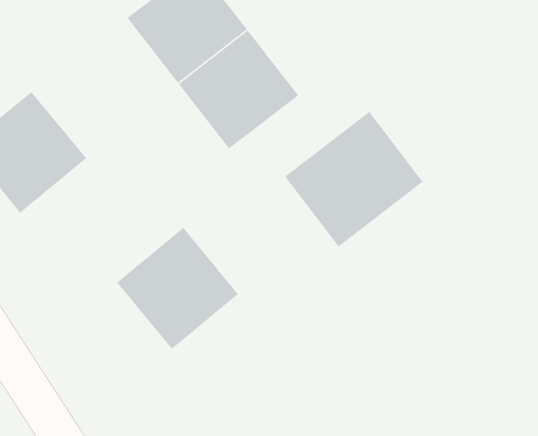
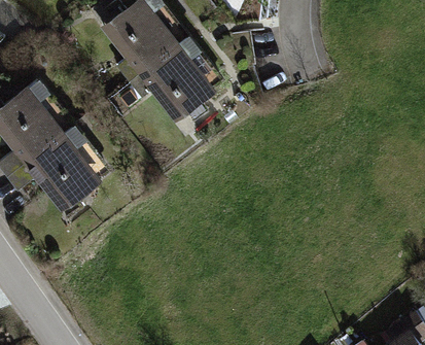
building: [284,111,424,248] -> none
building: [116,227,239,350] -> [26,126,112,212]

